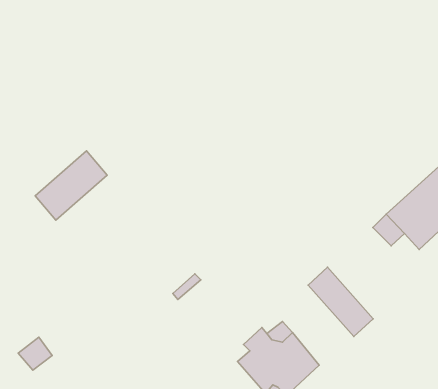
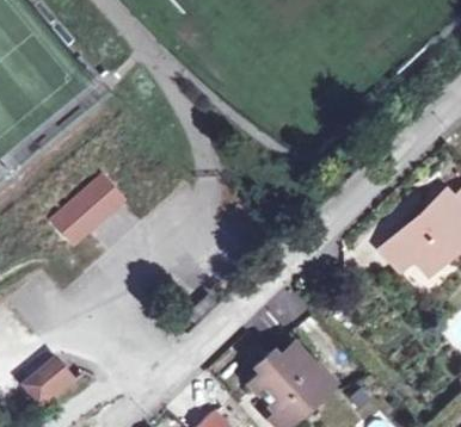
building: [308,267,373,337] -> none

